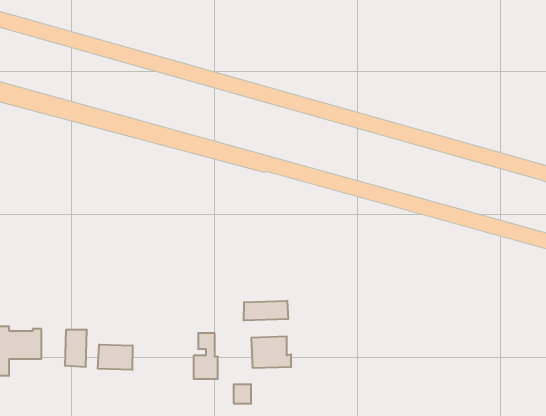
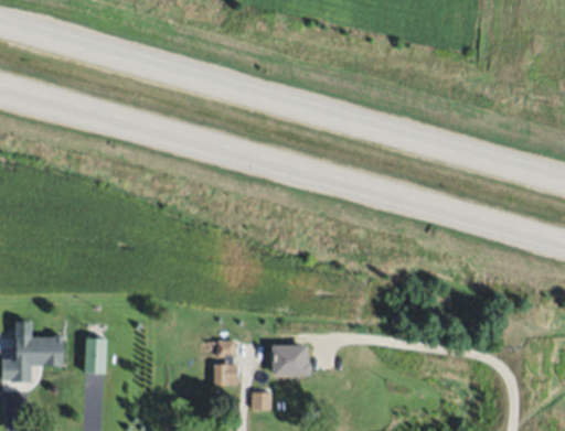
building: [244,301,288,321] -> none
building: [98,344,133,370] -> none

